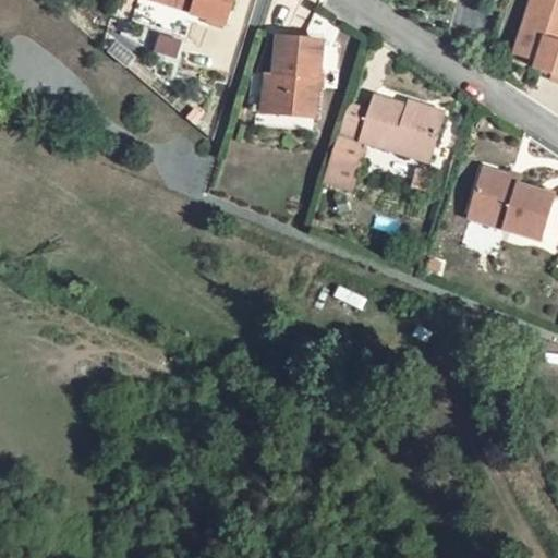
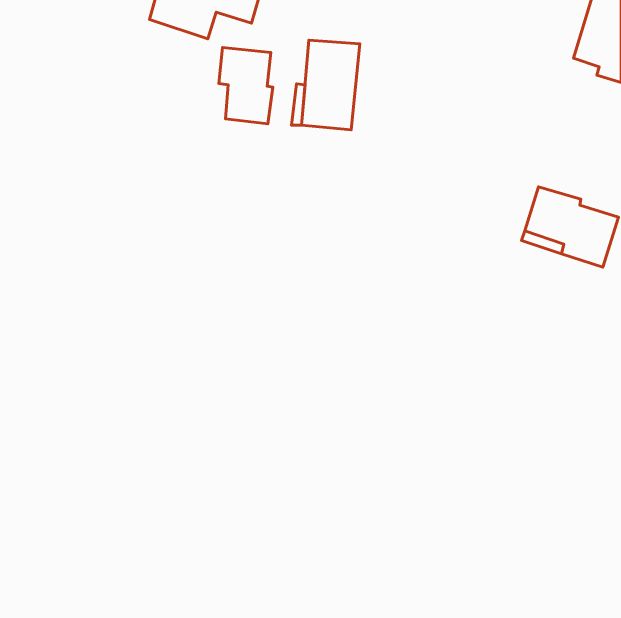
building: none -> [219,47,273,124]
building: [324,95,444,187] -> none

